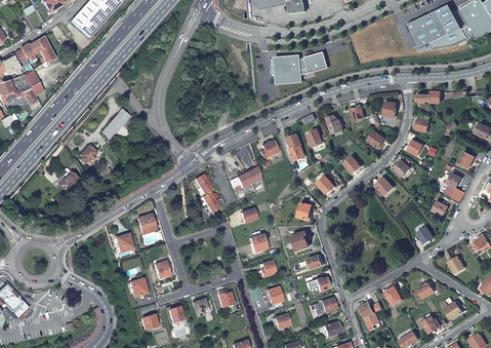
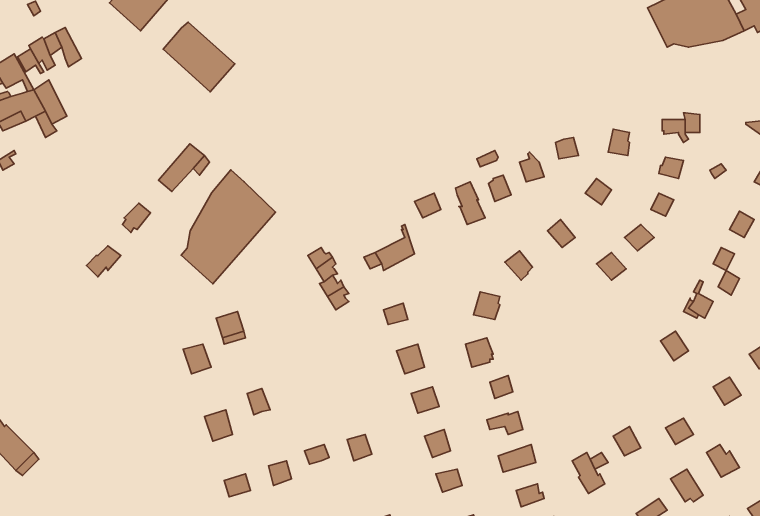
building: none -> [163,22,235,92]
building: [276,51,328,82] -> none
building: none -> [181,170,275,284]

